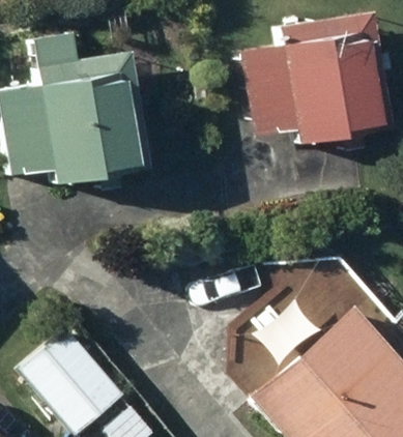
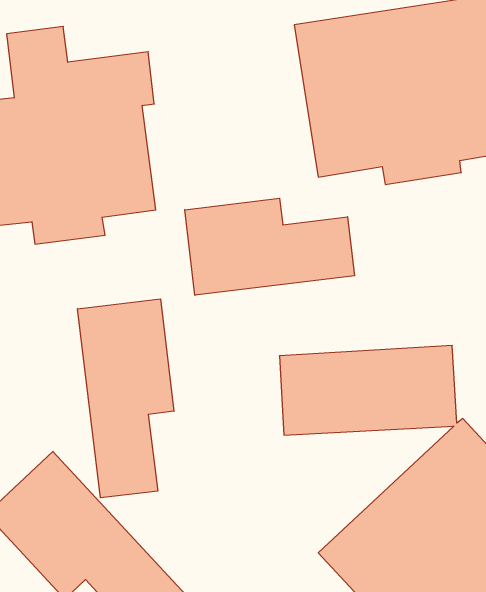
building: none -> [185,198,354,295]
building: none -> [78,299,174,498]

